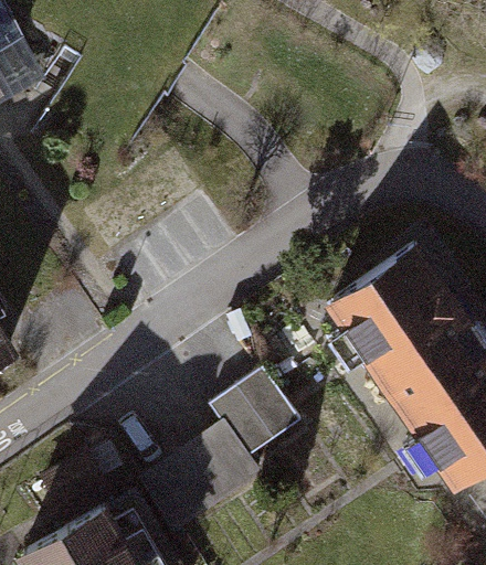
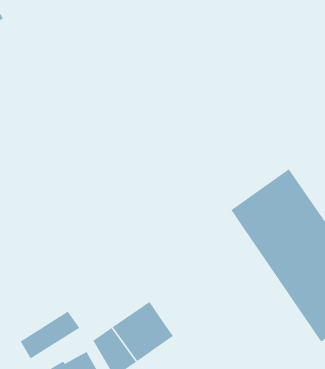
building: [210,371,302,463] -> none

